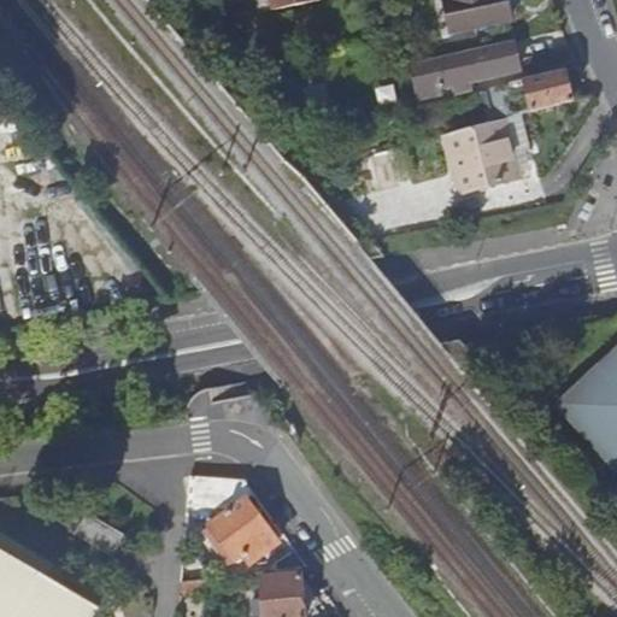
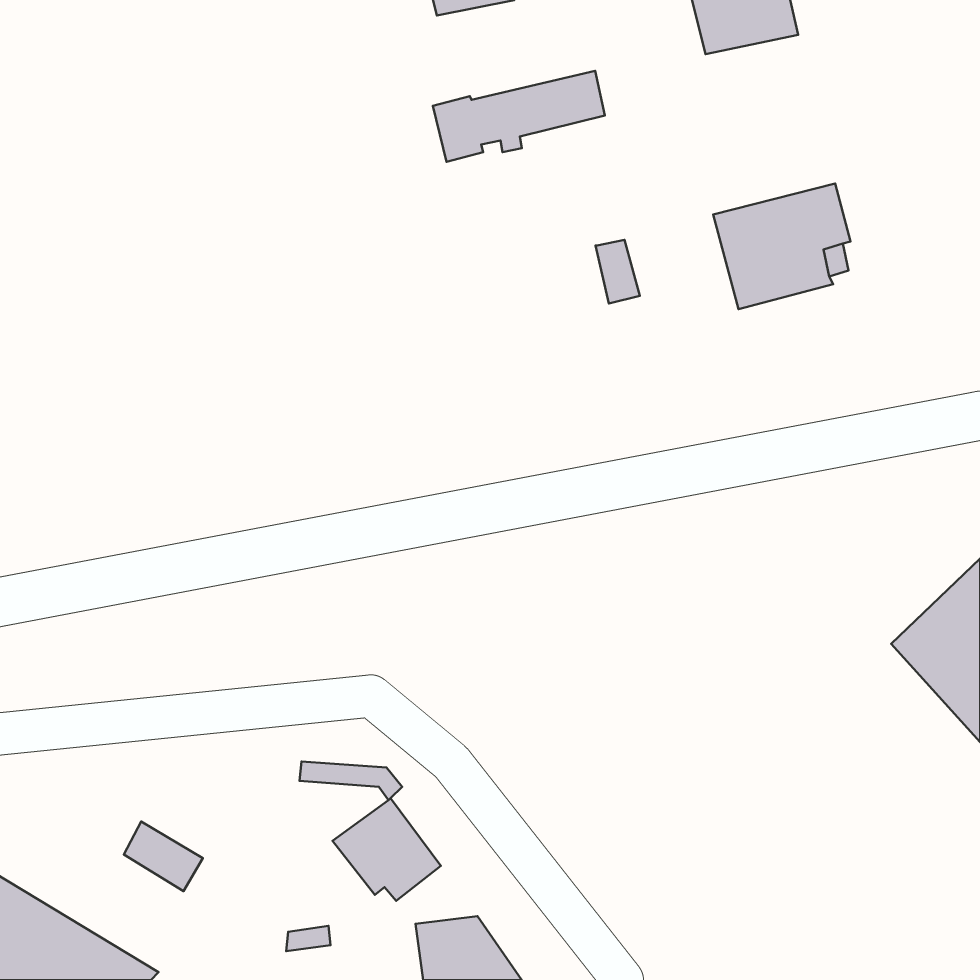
building: [410,42,517,99] -> [433,71,605,162]
building: [509,71,571,111] -> none

